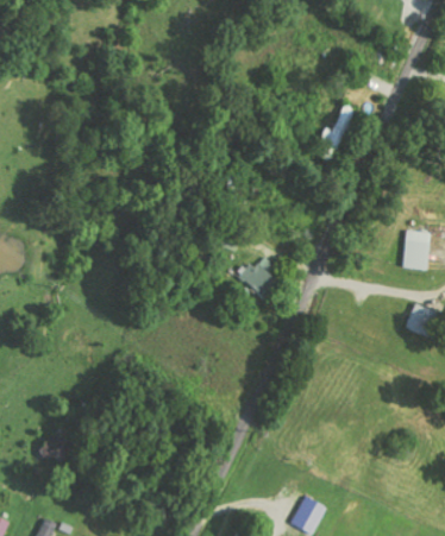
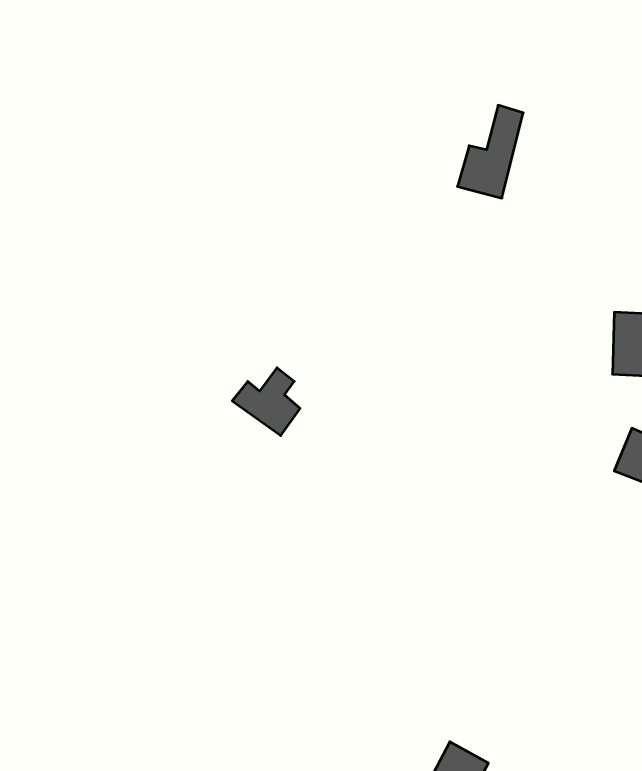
building: [236,256,277,297] -> [232,368,300,436]

